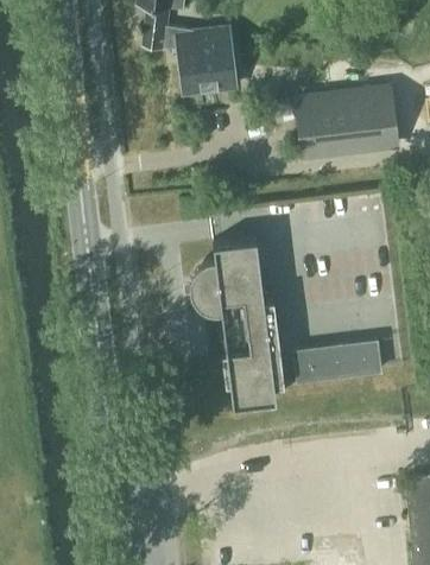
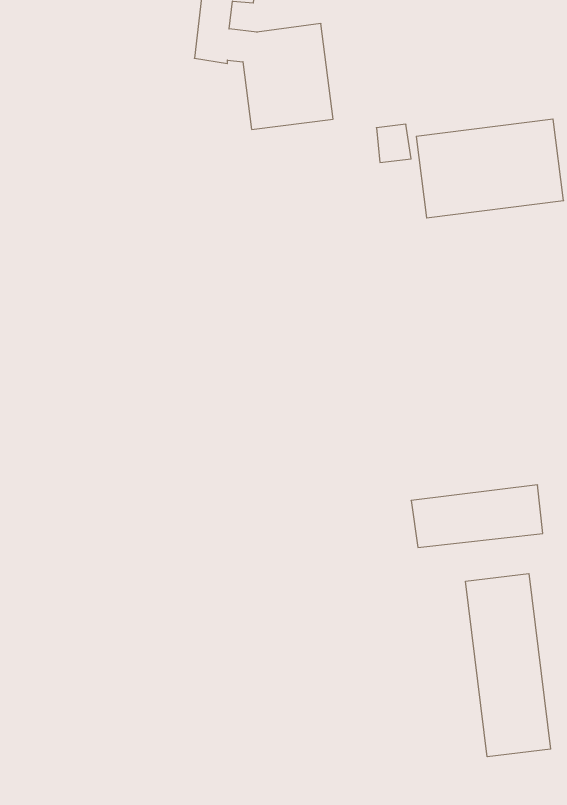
building: [196,241,282,407] -> none
building: none -> [466,574,551,757]

